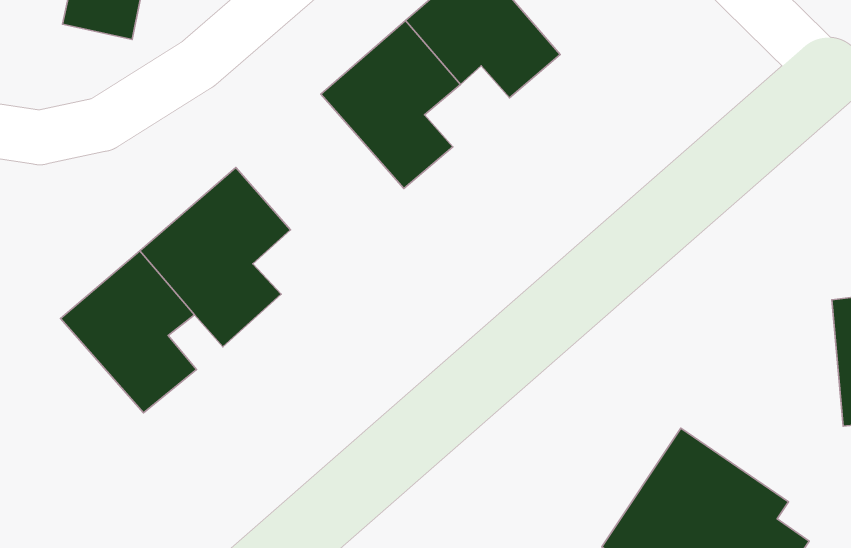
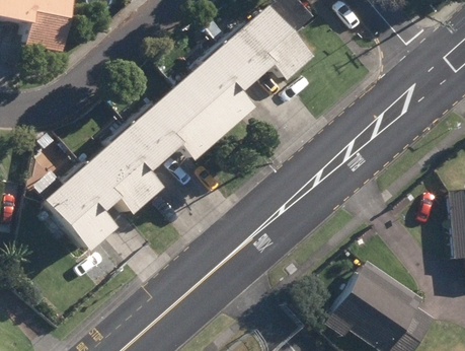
building: none -> [129,83,219,165]

